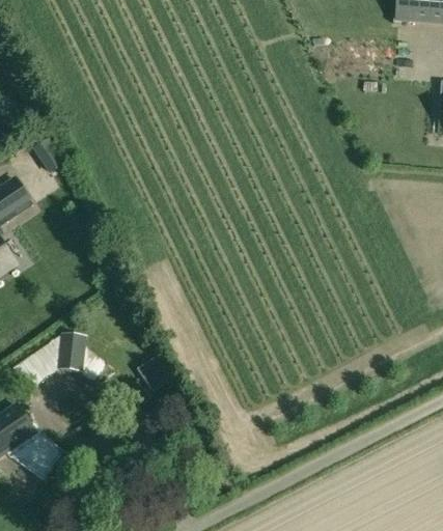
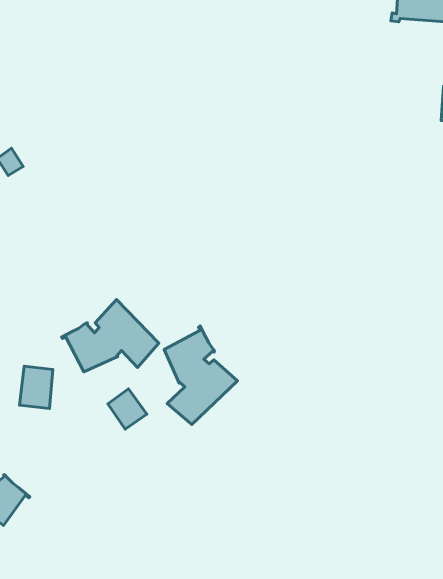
building: none -> [62,299,159,372]
building: none -> [164,326,238,425]

